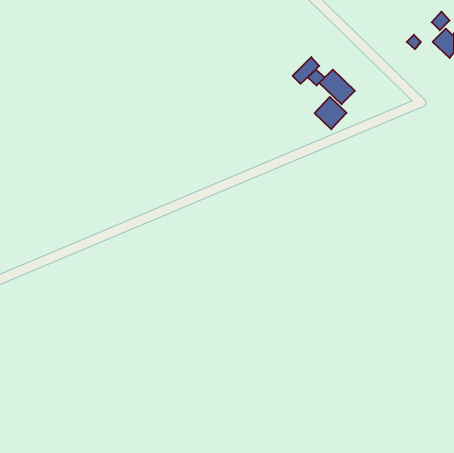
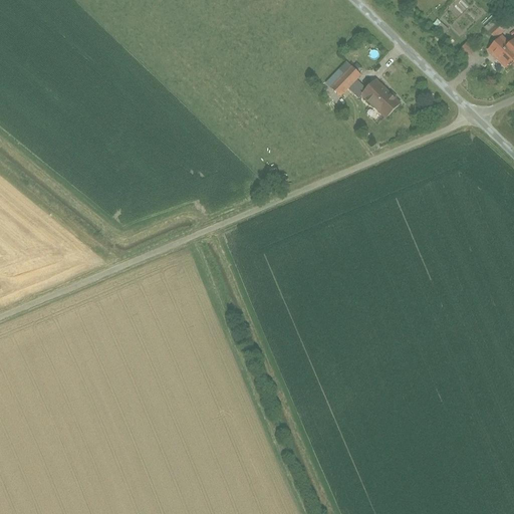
building: [315,97,347,129] -> none

